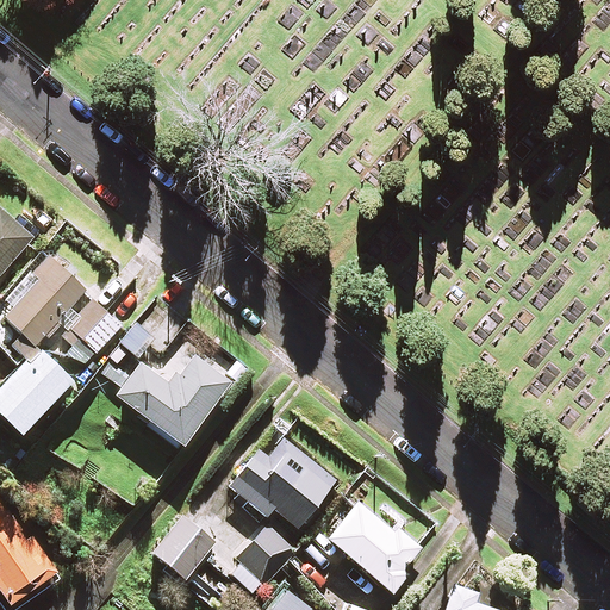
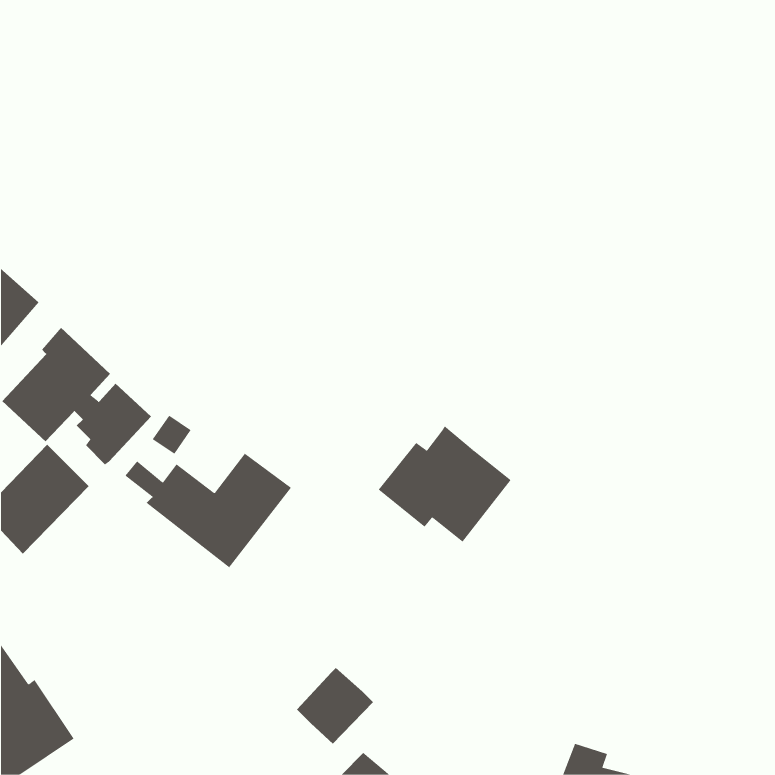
building: [230,436,335,528] -> [378,426,511,543]
building: [325,499,417,592] -> none
building: [152,515,217,579] -> none

